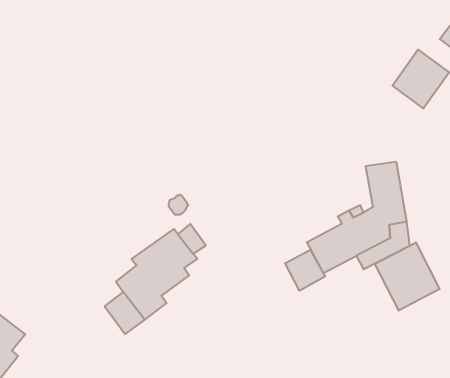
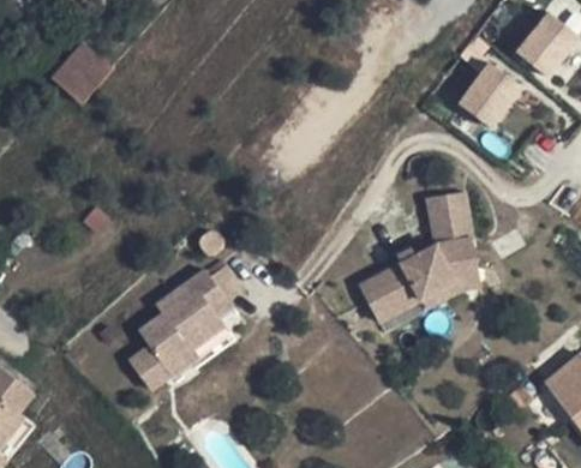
building: none -> [52,42,112,102]
building: [375,242,440,311] -> none
building: [285,250,325,291] -> none

